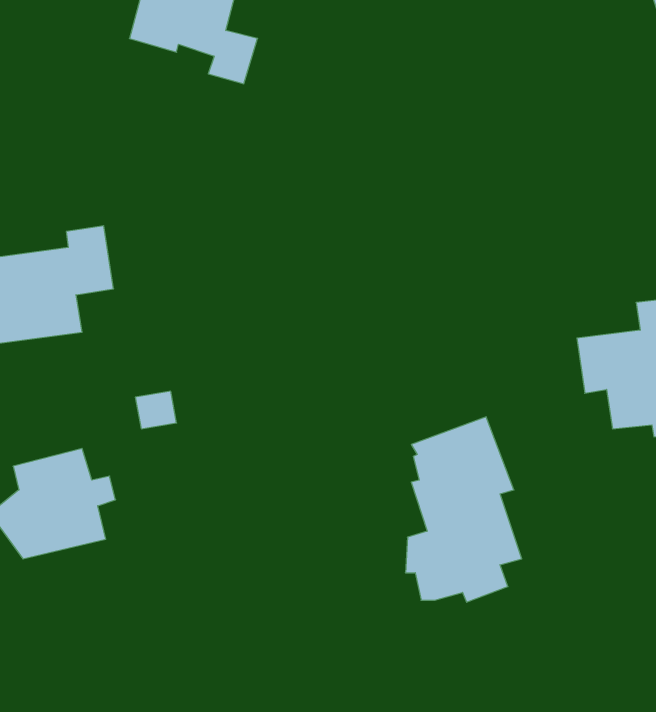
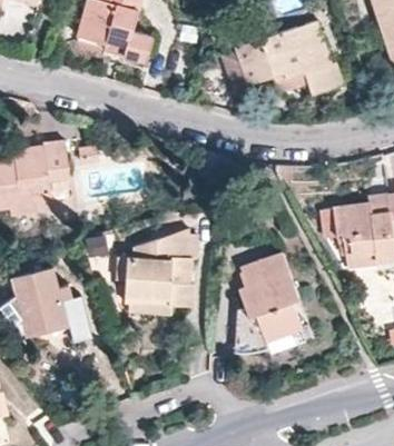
building: none -> [235,21,343,96]
building: none -> [118,229,196,306]

